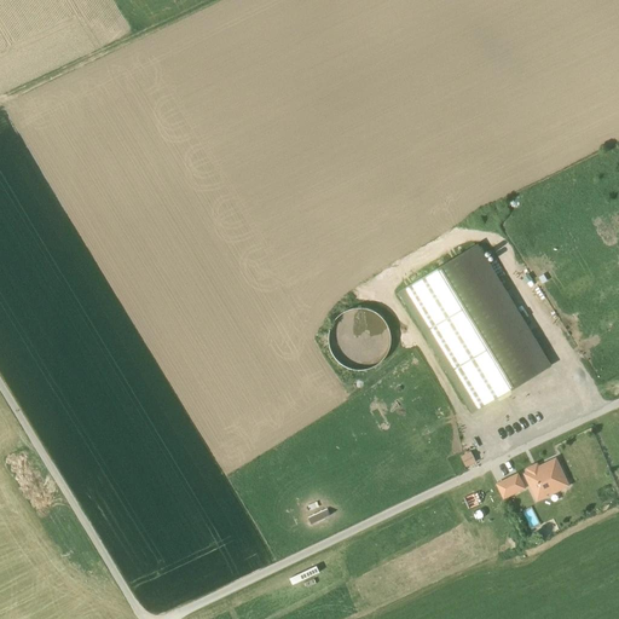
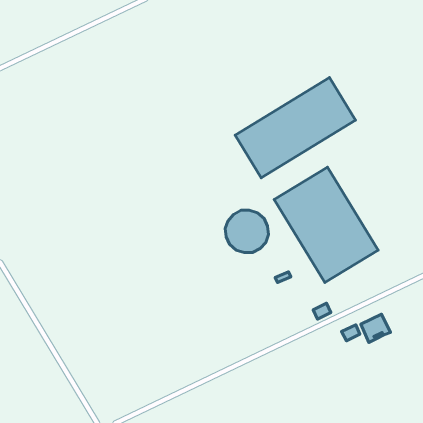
building: none -> [235,78,356,178]

